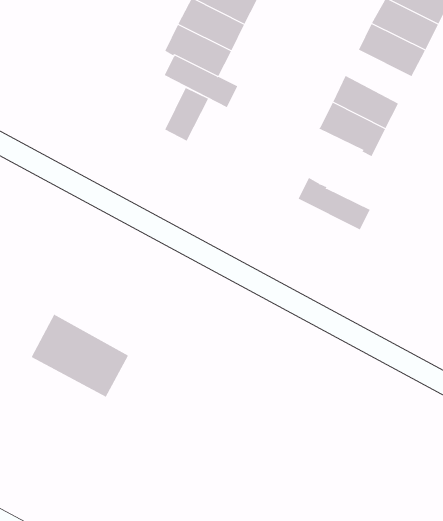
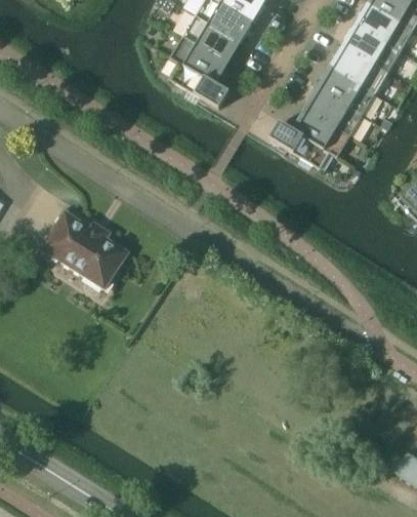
building: none -> [320,69,375,116]
building: [164,87,209,141] -> none
building: [298,177,371,230] -> [269,122,330,169]
building: [31,314,129,398] -> [44,214,126,287]

